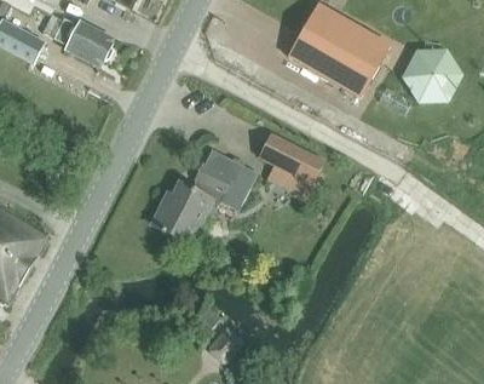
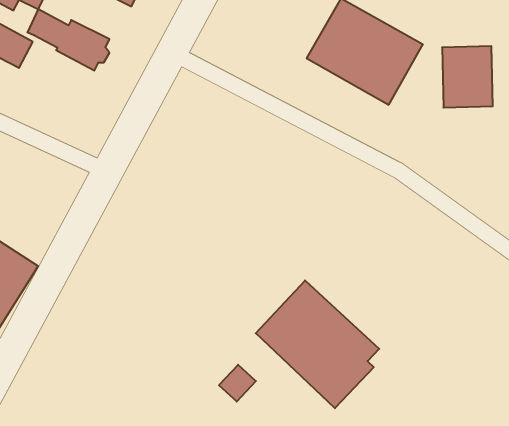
building: [257,132,319,182] -> none
building: [150,149,254,243] -> none
building: none -> [256,280,379,408]

